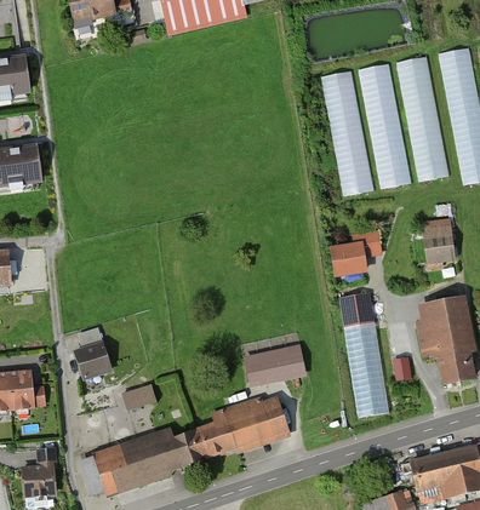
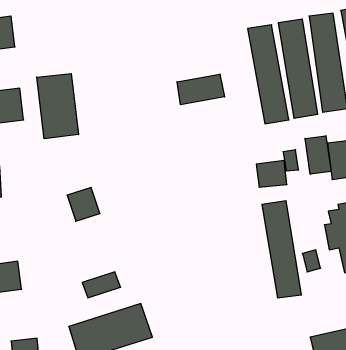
building: none -> [37,74,78,139]
building: none -> [177,74,224,105]
building: none -> [305,136,331,174]
building: [73,339,114,382] -> [67,188,100,221]
building: [242,344,305,386] -> none
building: [185,391,292,464] -> none

